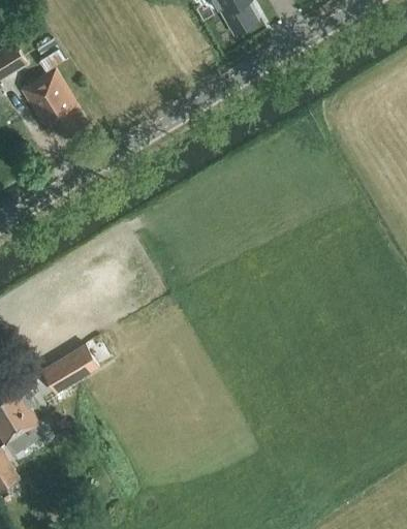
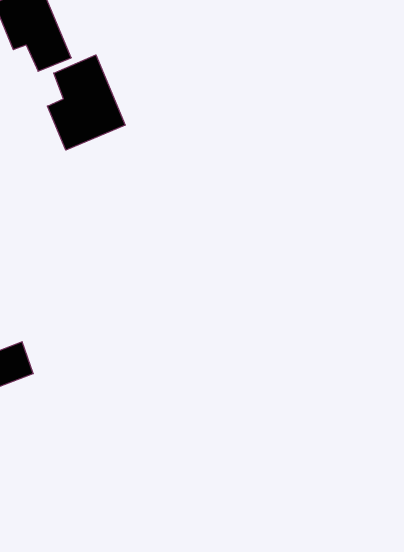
building: none -> [47,55,125,150]

